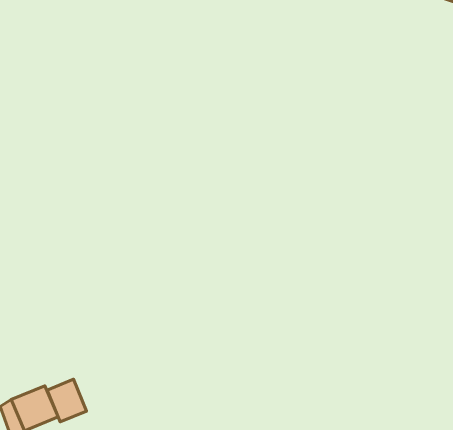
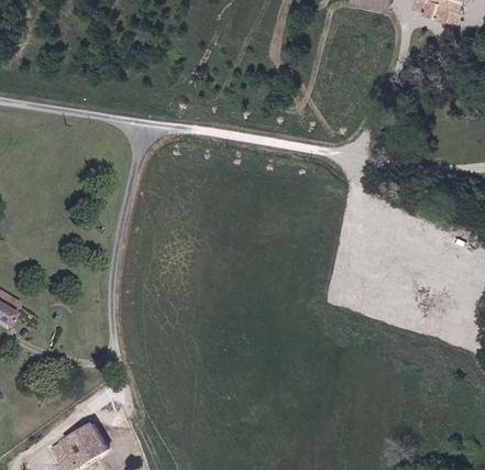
building: [47,379,87,422] -> none

